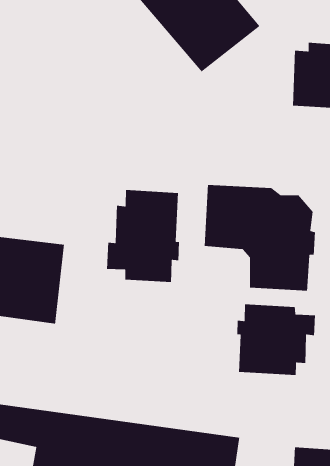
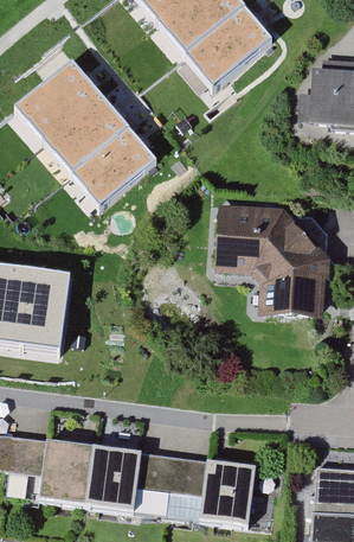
building: none -> [14,52,161,204]
building: [106,189,180,283] -> none
building: [236,304,316,376] -> none

